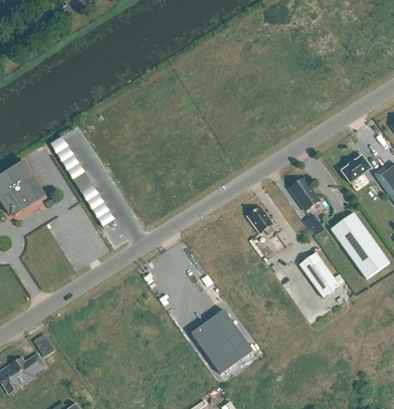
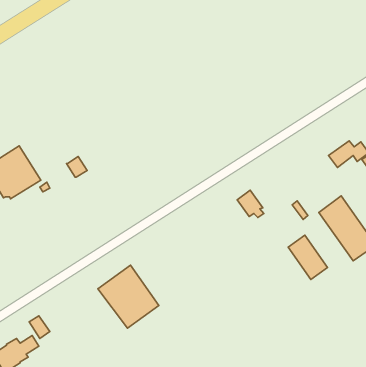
building: [289,177,320,210] -> none
building: [191,309,253,373] -> [98,265,159,328]

